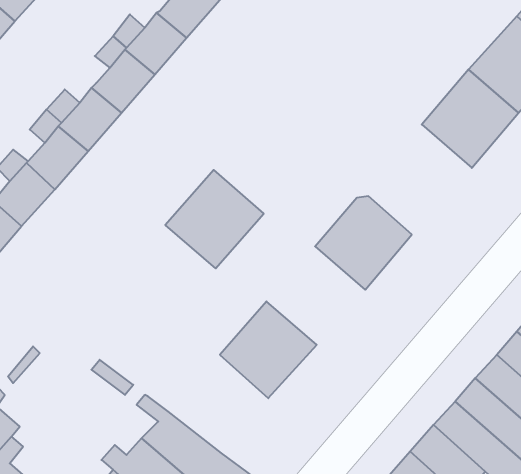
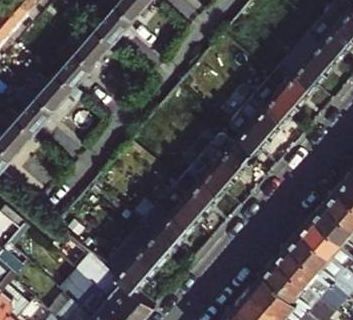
building: none -> [229,94,286,153]
building: [165,170,264,268] -> [163,167,222,226]
building: none -> [104,232,164,291]

